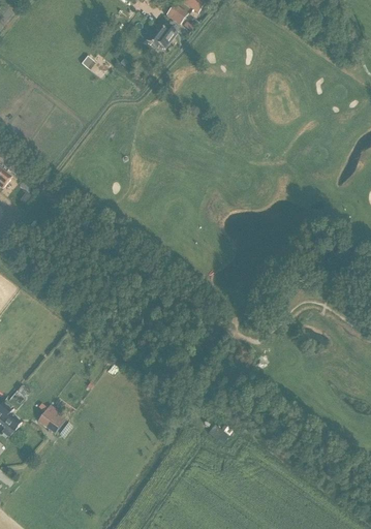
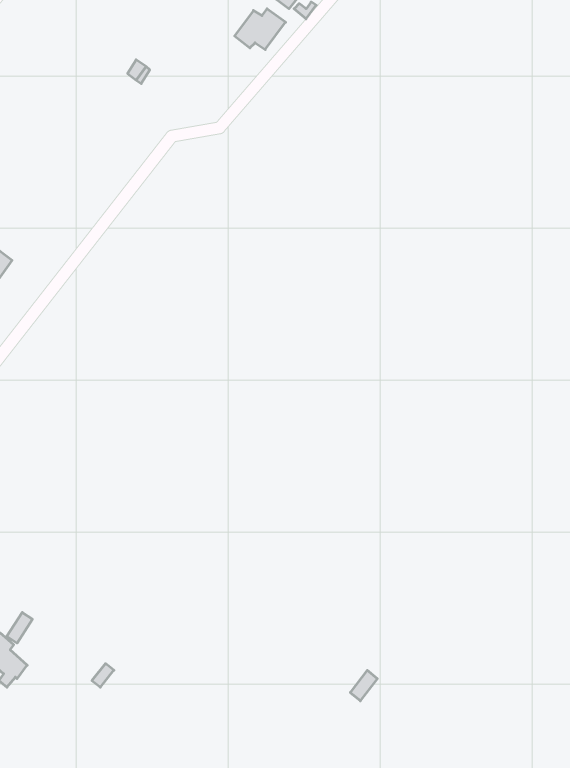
building: [36,403,64,433] -> none

